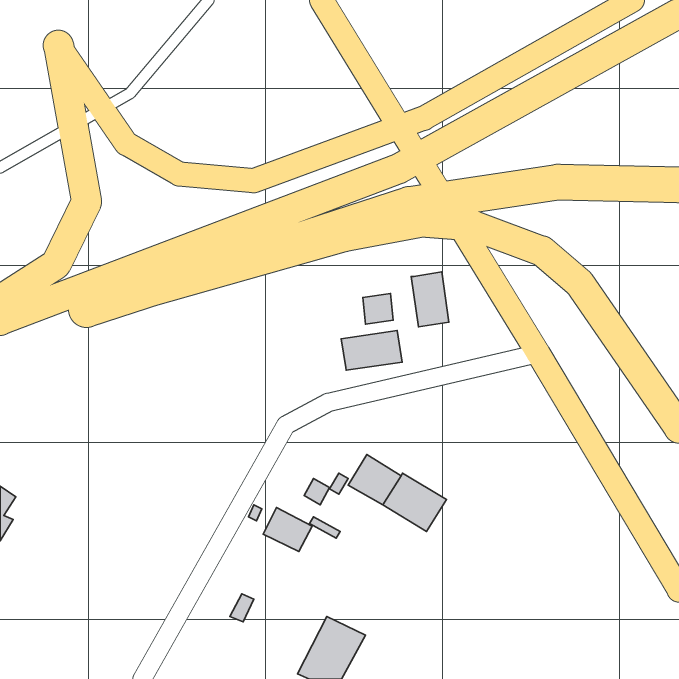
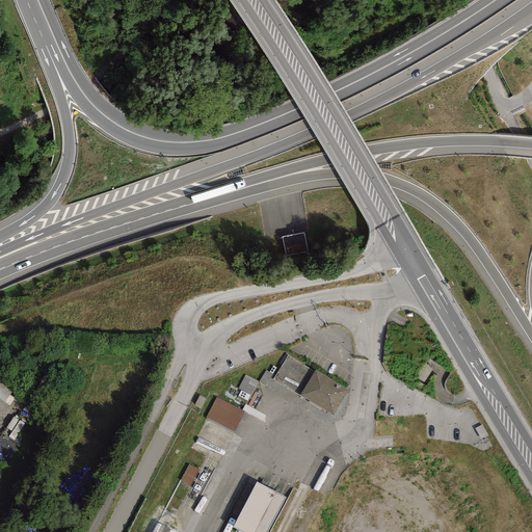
building: [411,272,449,327] -> none
building: [341,331,402,370] -> none

